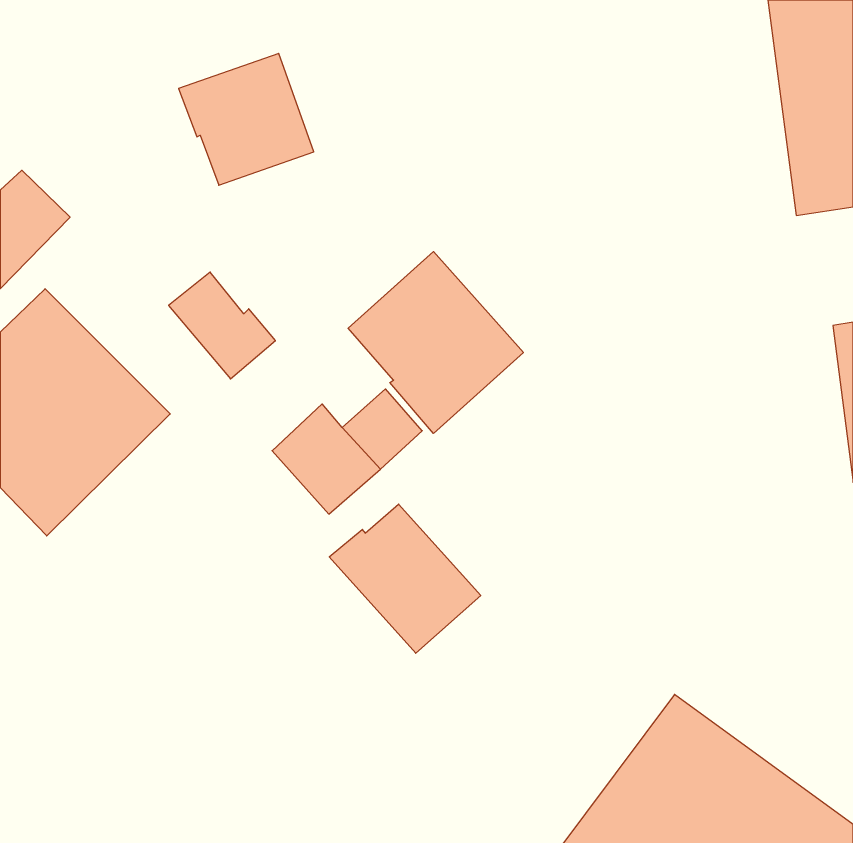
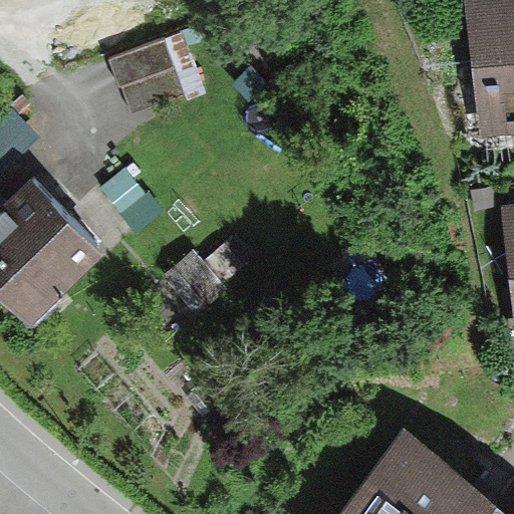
building: [348,252,523,433] -> none
building: [329,504,481,653] -> none

